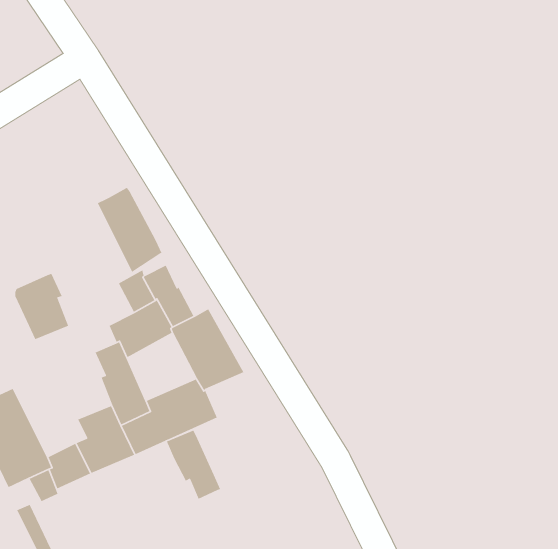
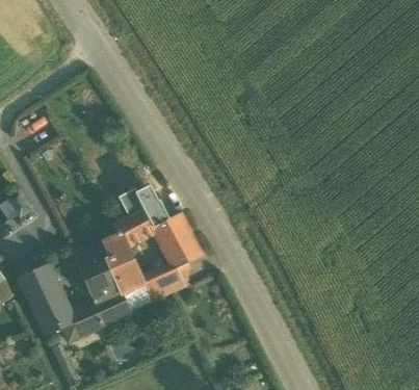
building: [97,187,163,273] -> none
building: [14,273,69,340] -> [78,243,114,288]
building: [166,429,221,500] -> none

